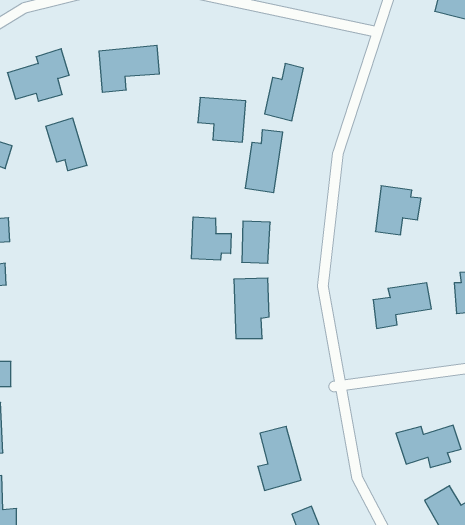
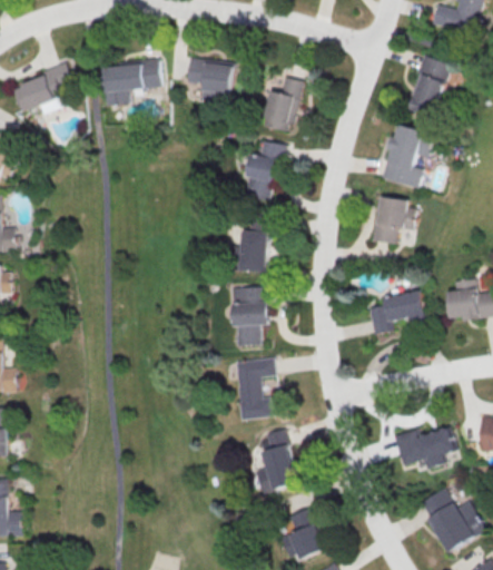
building: none -> [408,56,451,121]
building: [198,98,246,142] -> [186,58,233,101]
building: none -> [382,124,431,187]
building: [46,118,87,171] -> none
building: [192,217,231,260] -> none
building: none -> [236,358,275,420]

